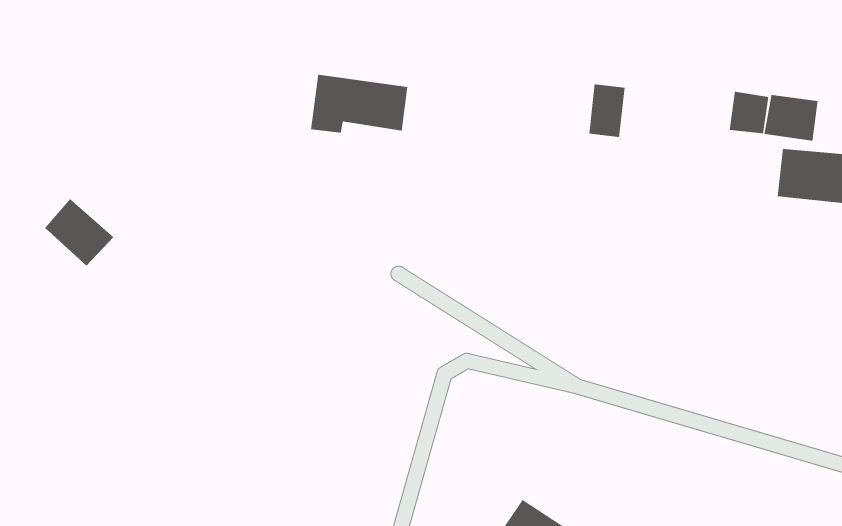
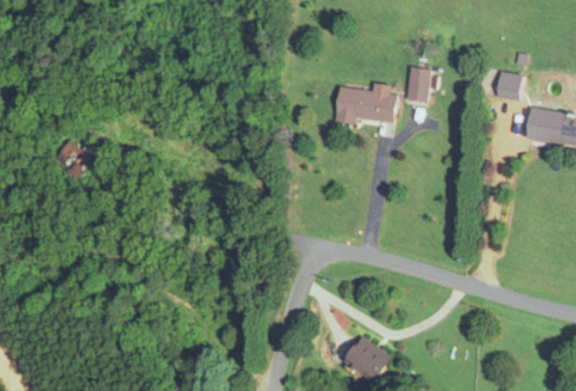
building: [310,74,408,133] -> [333,85,397,123]
building: [764,94,818,142] -> none

